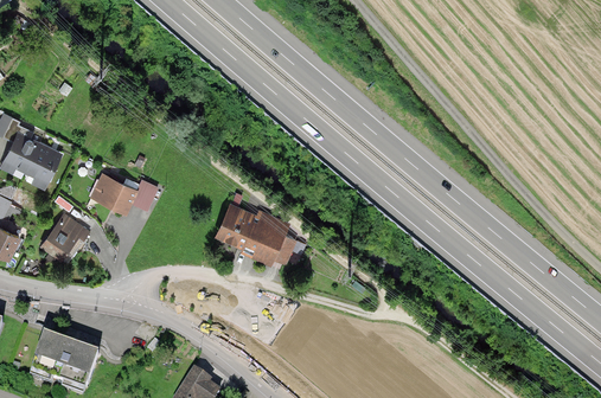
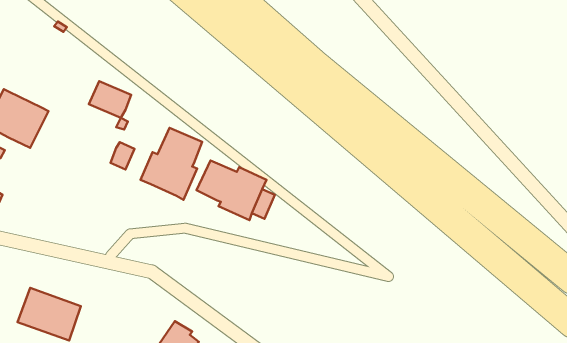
building: none -> [140,128,202,200]
building: [90,174,134,212] -> [89,81,131,118]
building: [39,214,84,258] -> none

